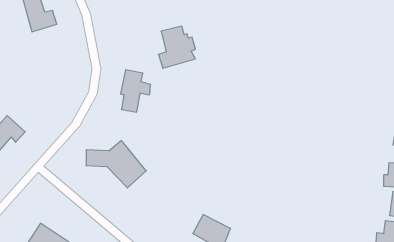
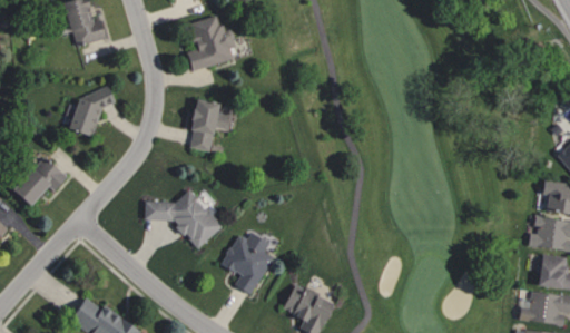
building: [158,26,195,68] -> [187,16,235,70]
building: none -> [68,87,109,136]
building: none -> [220,231,275,296]

